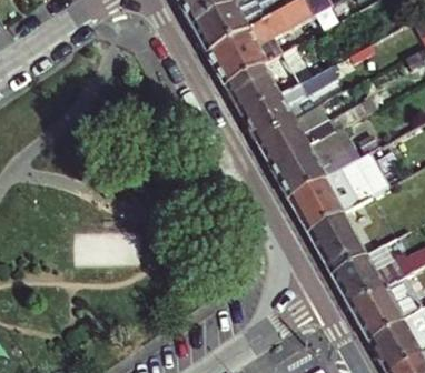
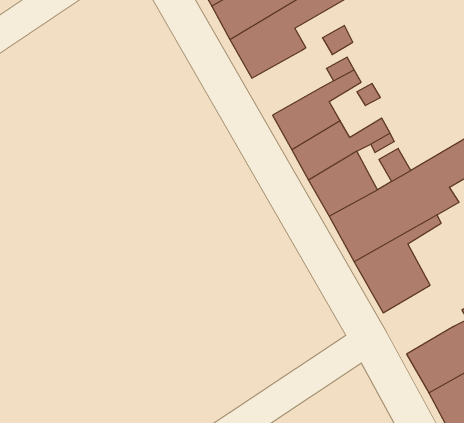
building: [229,65,285,118] -> none
building: [335,254,392,310] -> none

